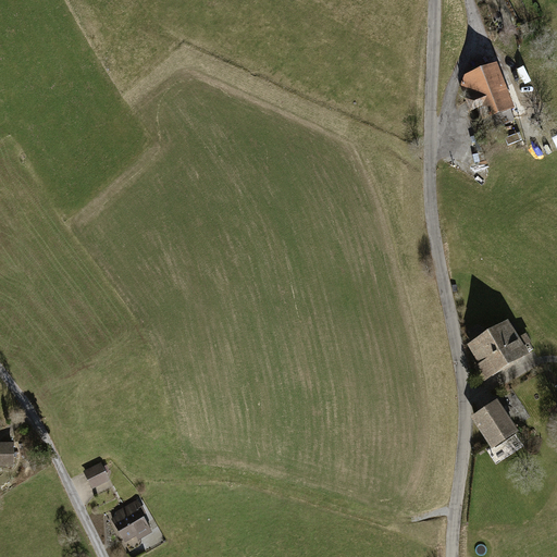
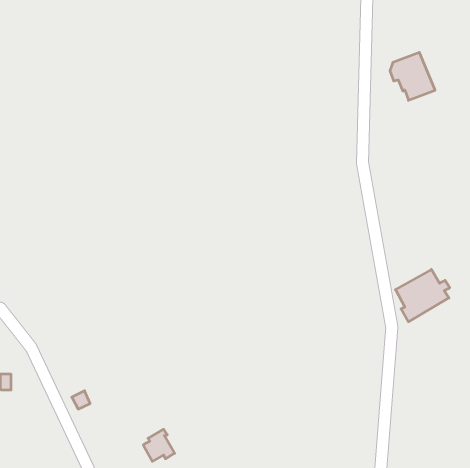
building: [471,399,520,447] -> none
building: [113,500,150,539] -> [143,429,175,461]

